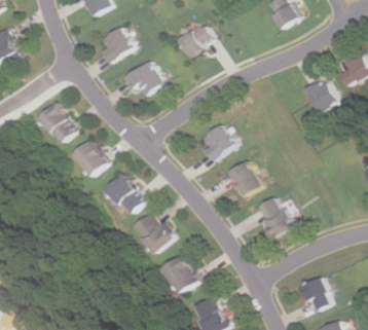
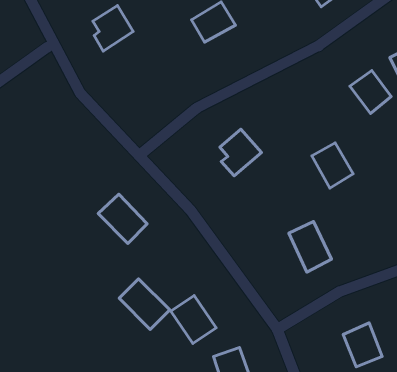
building: [123,61,163,98] -> none
building: [38,103,77,143] -> none
building: [72,140,107,176] -> none
building: [228,161,261,197] -> [312,143,353,188]
building: [133,213,173,253] -> [119,279,170,329]

